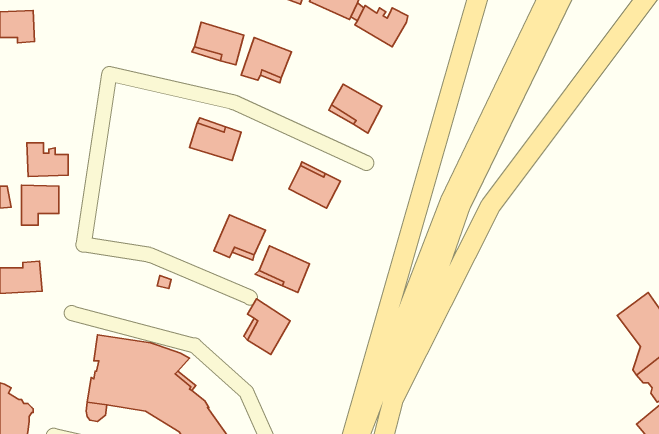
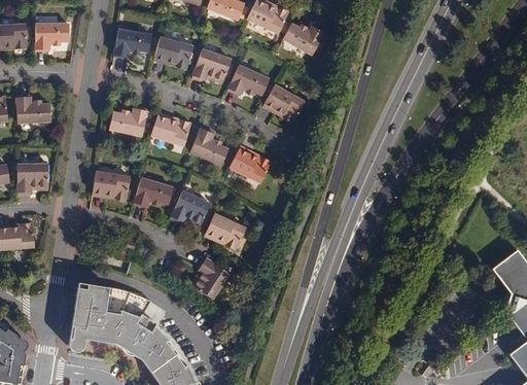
building: none -> [35,24,69,51]
building: none -> [114,30,154,59]
building: none -> [227,64,270,94]
building: none -> [109,105,147,135]
building: none -> [190,126,229,165]
building: [27,143,68,176] -> [16,97,49,124]
building: none -> [93,169,131,199]
building: none -> [135,175,174,205]

